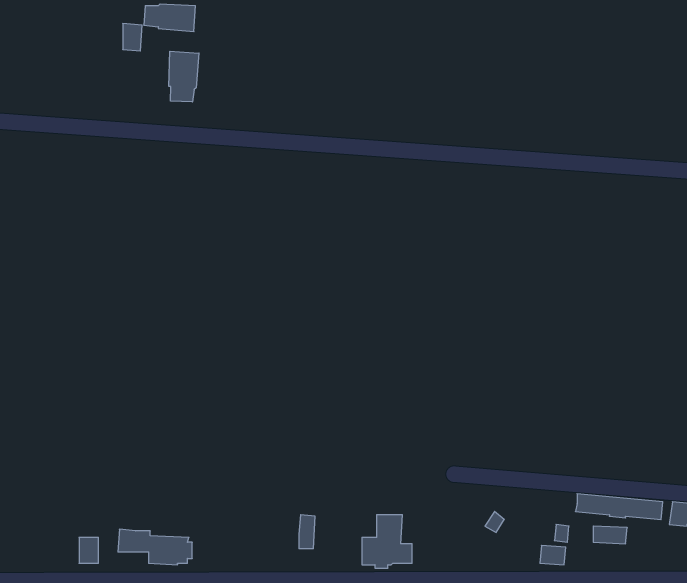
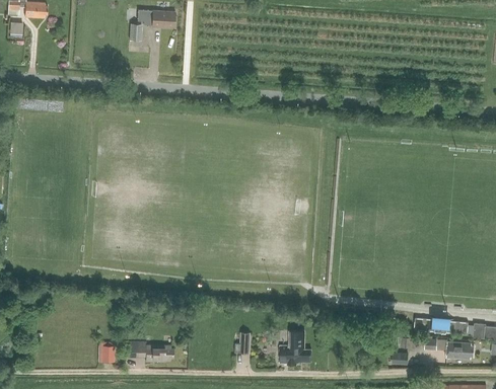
building: [169,51,199,102] -> none
building: none -> [445,342,473,360]

